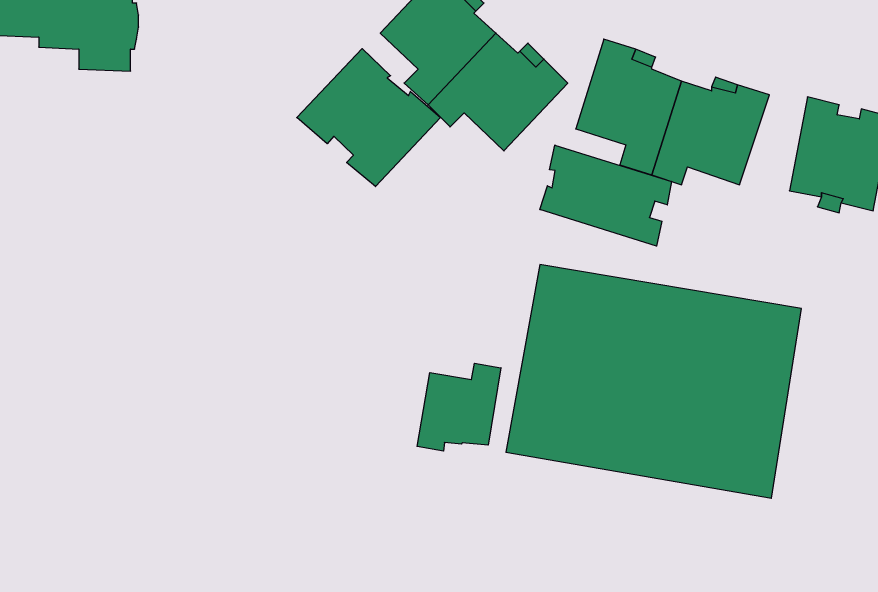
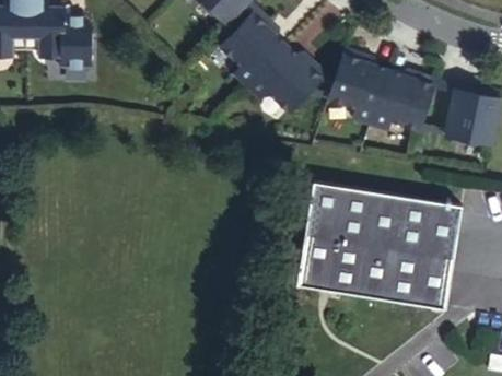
building: [297,49,441,187] -> none
building: [540,145,672,246] -> none
building: [417,363,501,451] -> none

